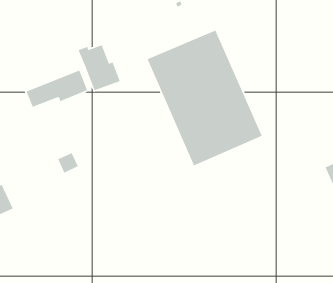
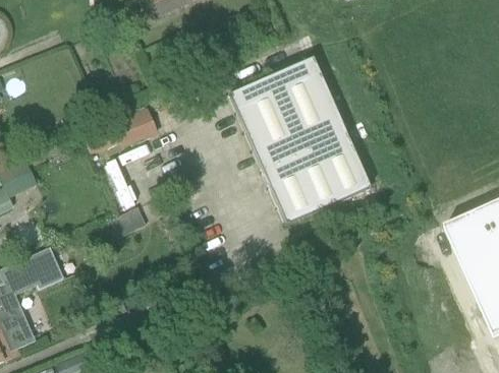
building: [78,44,121,91] -> none

